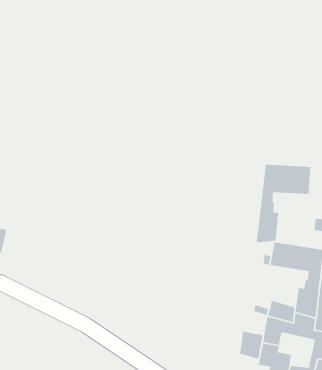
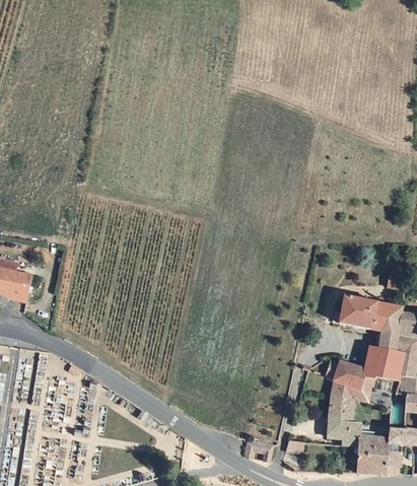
building: [256,164,311,243] -> none
building: [239,331,264,360] -> none

